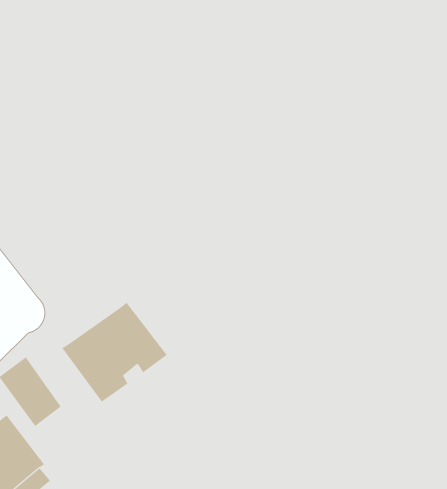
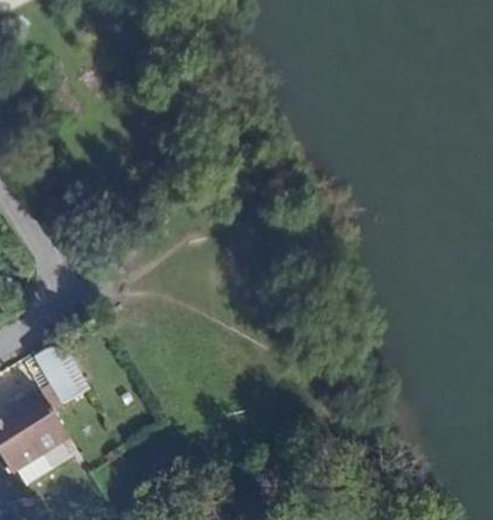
building: [62,302,168,403] -> none

